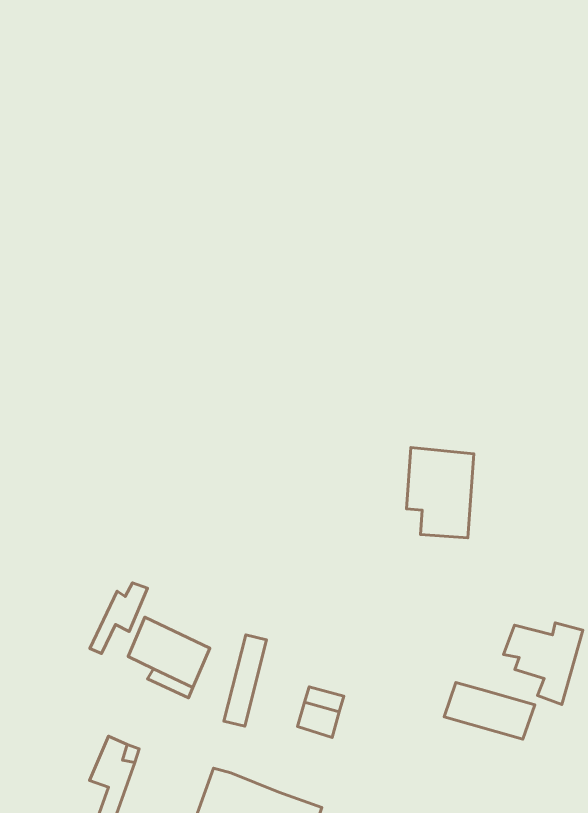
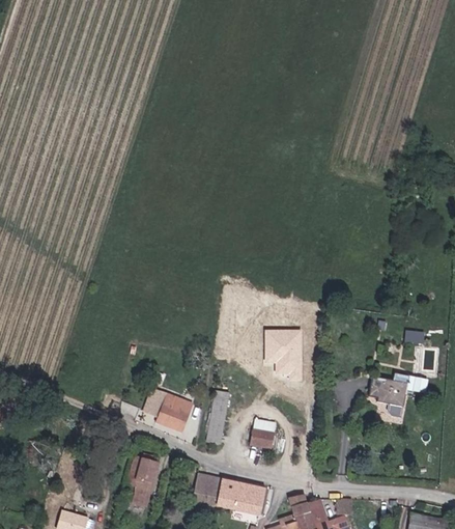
building: [407,448,474,538] -> [264,329,302,380]
building: [90,583,147,653] -> none
building: [444,682,535,739] -> none

